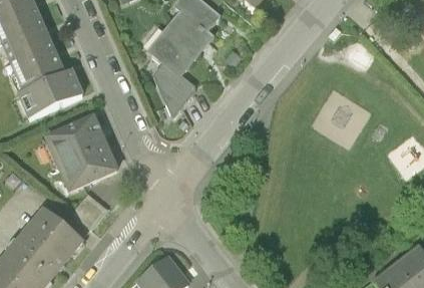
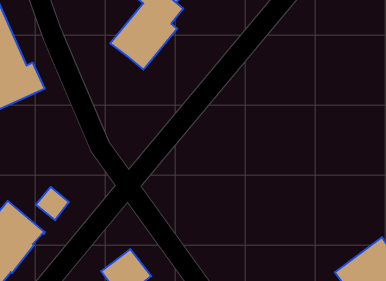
building: [152,61,195,114] -> none
building: [47,114,117,189] -> none

